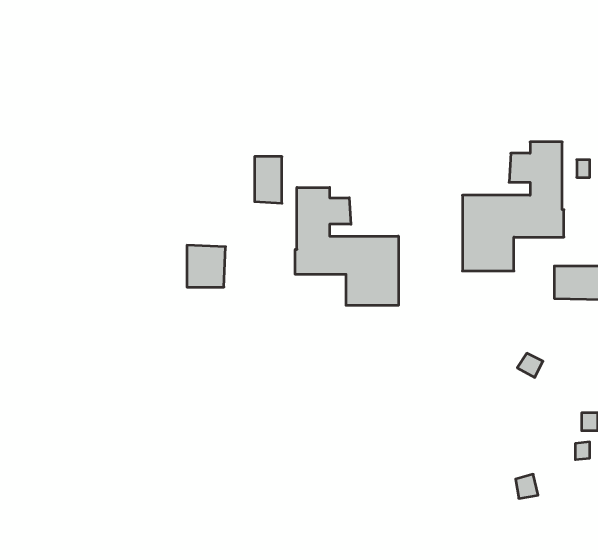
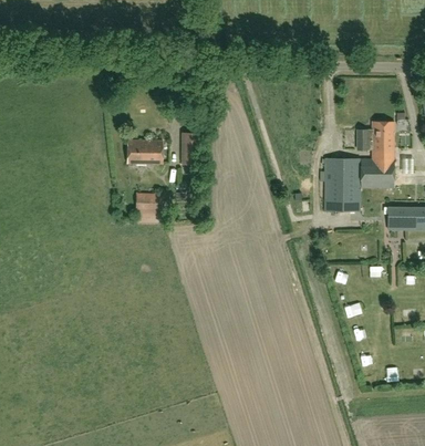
building: none -> [127,138,163,162]
building: [295,187,398,305] -> none

